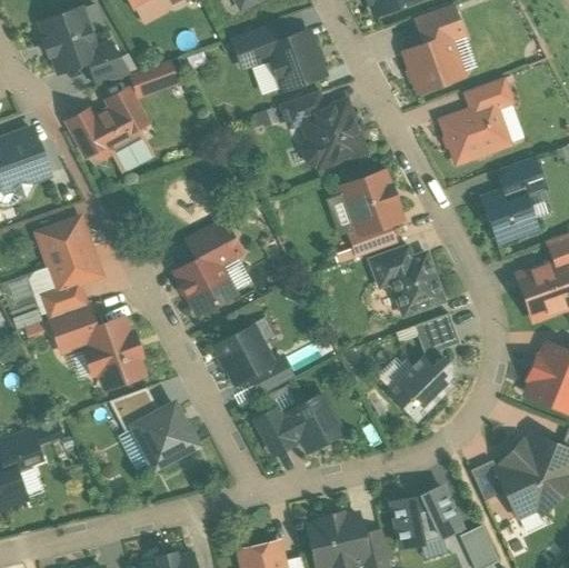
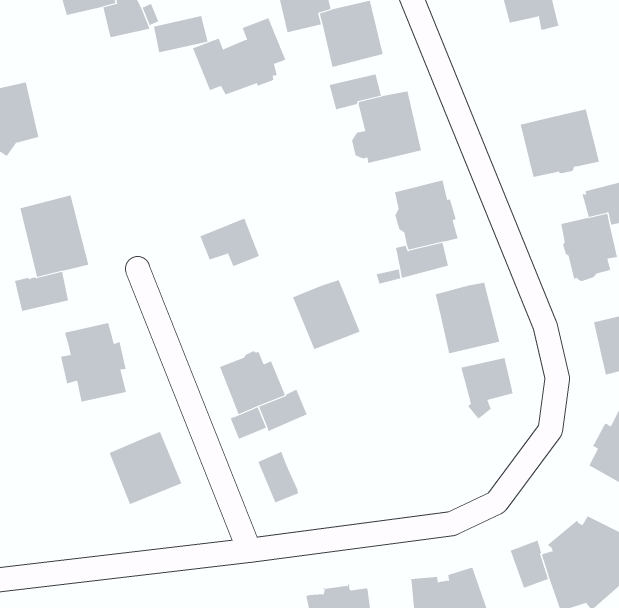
building: [406,30,462,91] -> none
building: [466,77,512,109] -> none
building: [69,89,147,157] -> [192,17,286,95]
building: [370,243,412,286] -> none
building: [177,252,236,312] -> [292,279,360,350]
building: [50,305,97,352] -> none
building: [387,356,453,421] -> none
building: [110,387,160,431] -> none
building: [281,393,343,450] -> none

